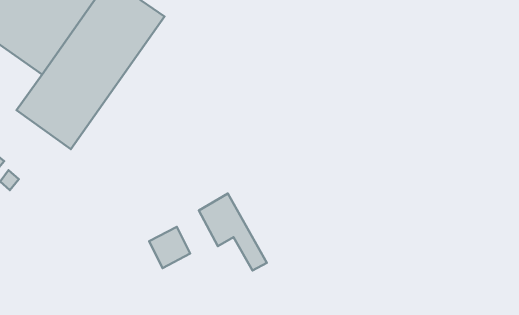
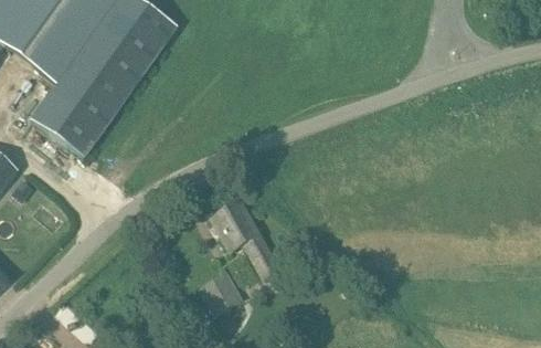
building: [149,227,190,268] -> [197,274,237,315]

